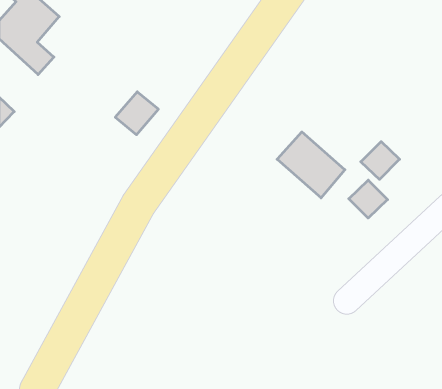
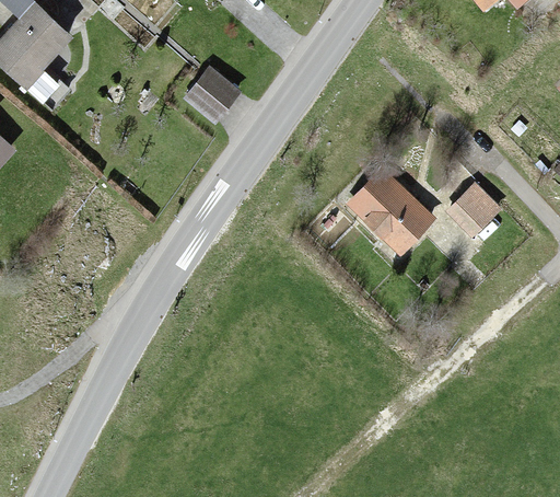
building: [115,92,158,135] -> [182,72,235,126]
building: [349,180,388,218] -> none

